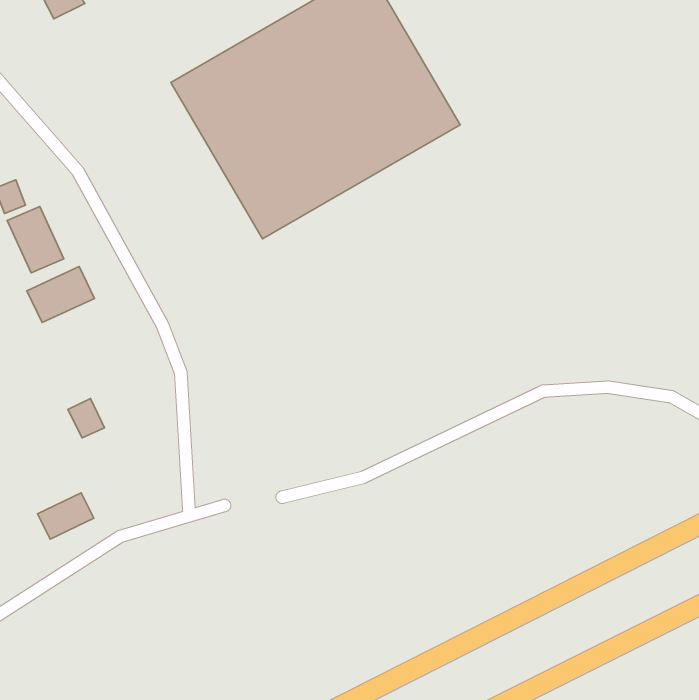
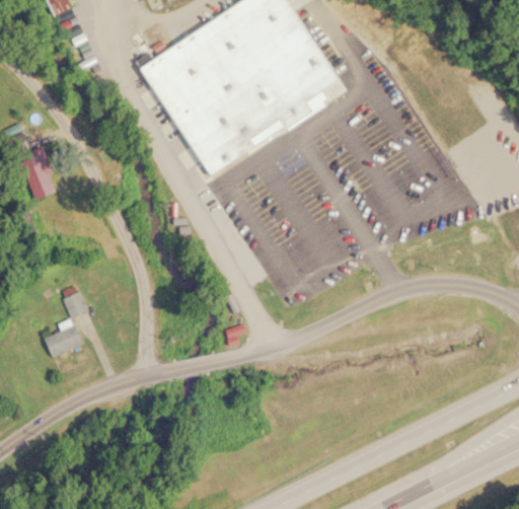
building: [27,267,95,322] -> none
building: [37,493,94,539] -> [44,324,84,358]

